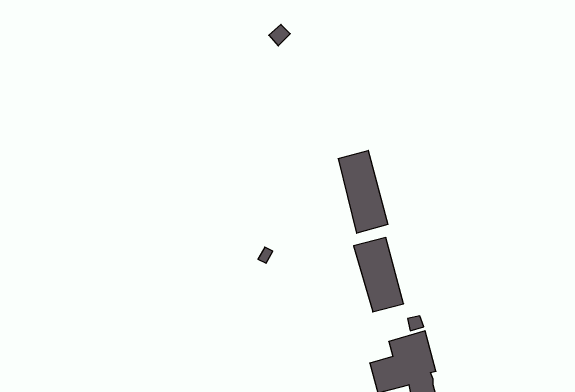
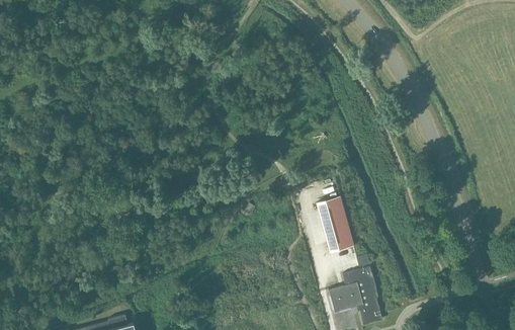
building: [338,150,388,233] -> none

